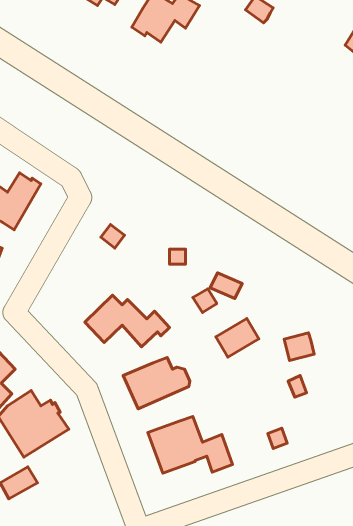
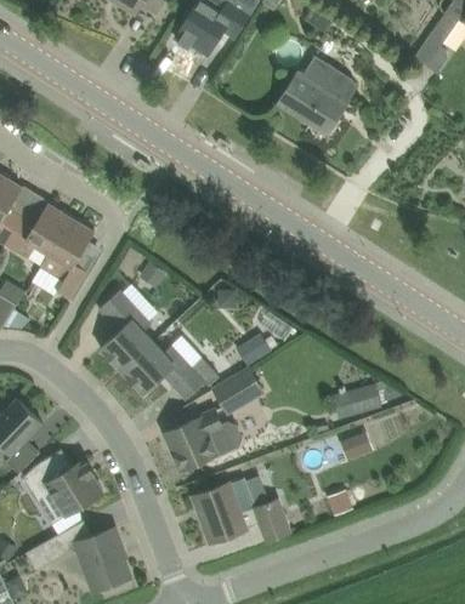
building: none -> [278,57,356,133]
building: none -> [41,215,95,300]
building: none -> [98,290,153,371]
building: [216,318,259,357] -> [214,369,262,412]
building: none -> [74,526,131,591]

